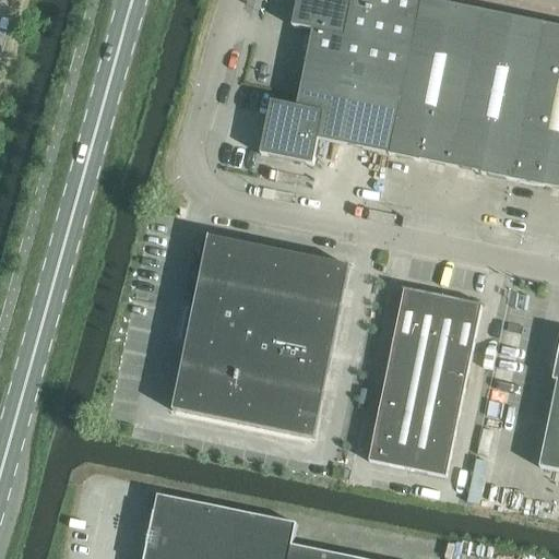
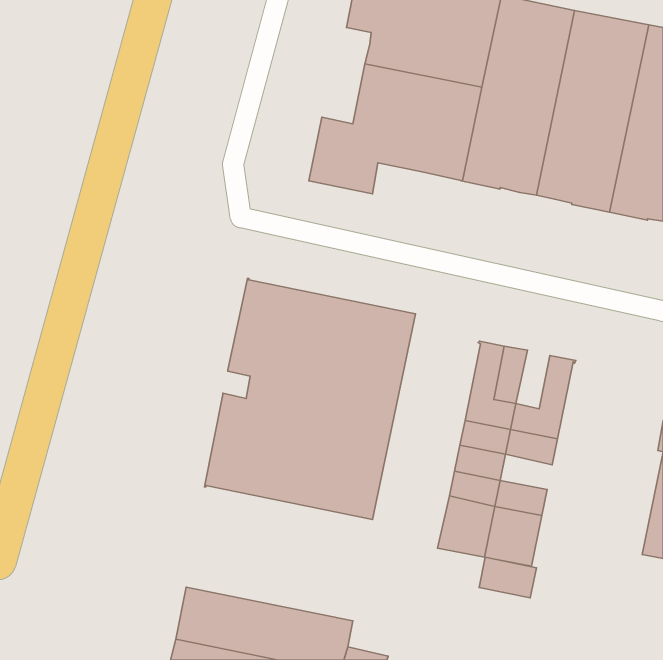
building: [432,294,461,343] -> none
building: [419,381,463,411] -> none
building: none -> [479,557,536,598]

